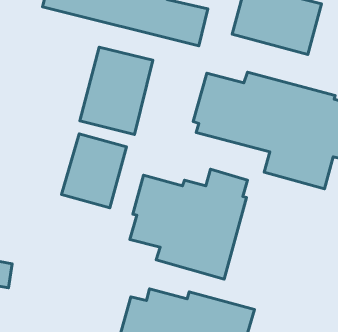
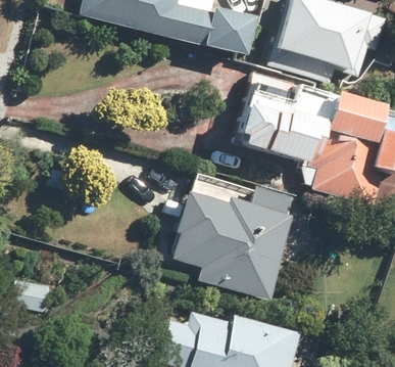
building: [80,47,153,135] -> none
building: [62,134,127,208] -> none

